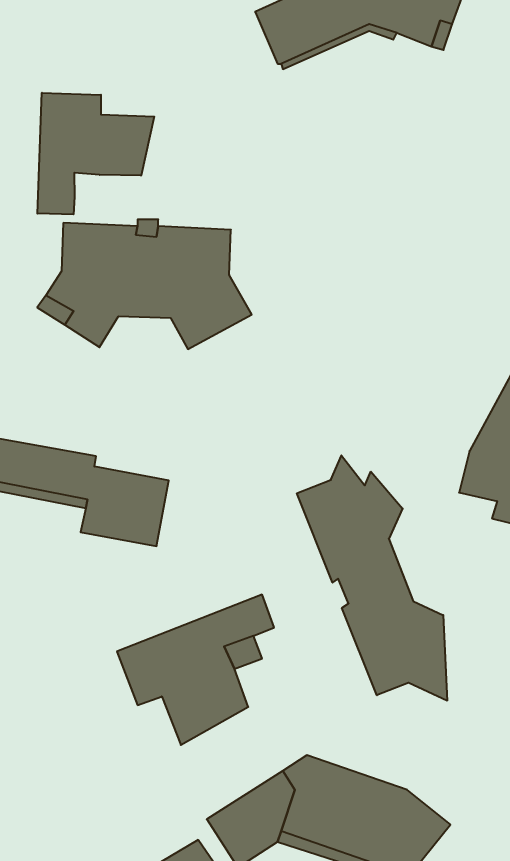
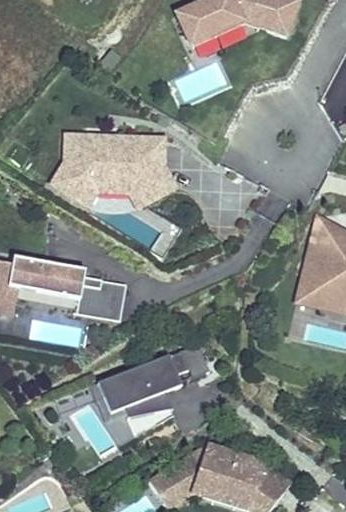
building: [37,93,154,214] -> none
building: [297,455,447,701] -> none

